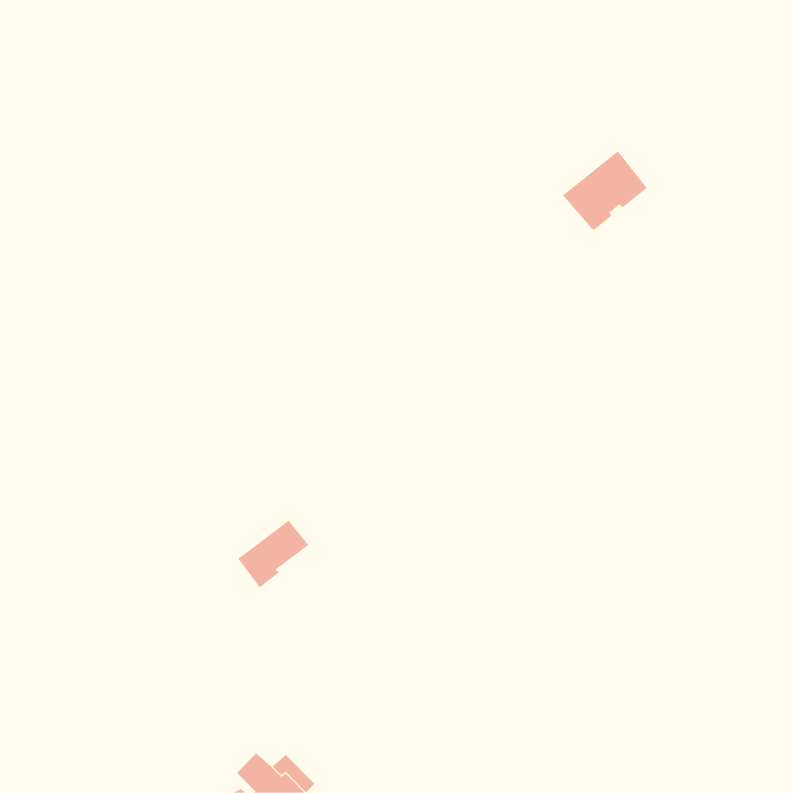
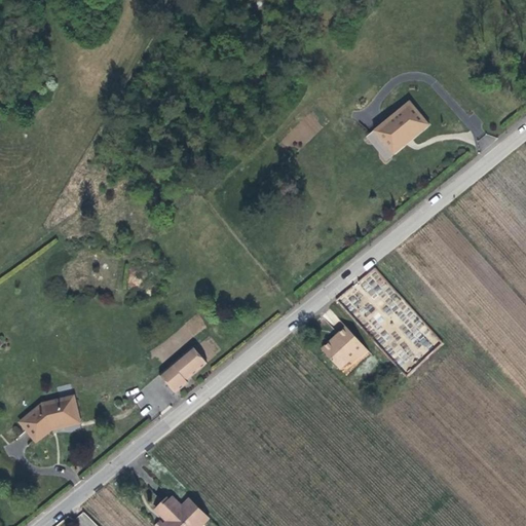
building: none -> [322,328,363,368]
building: none -> [20,399,79,442]

